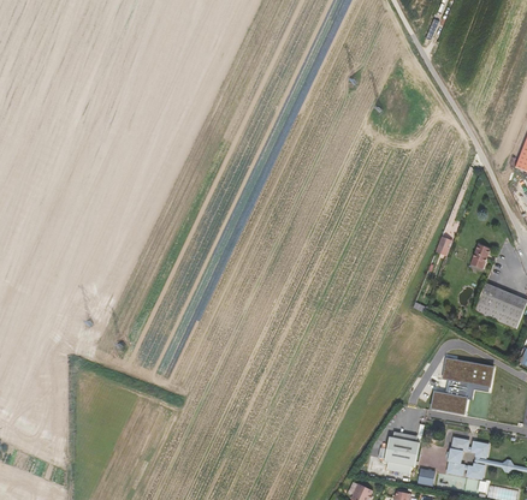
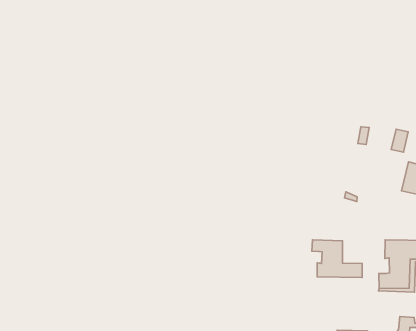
building: none -> [312,240,362,278]

